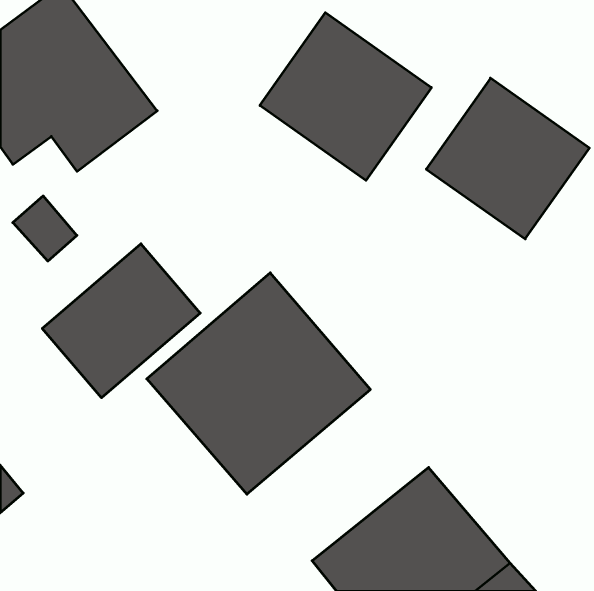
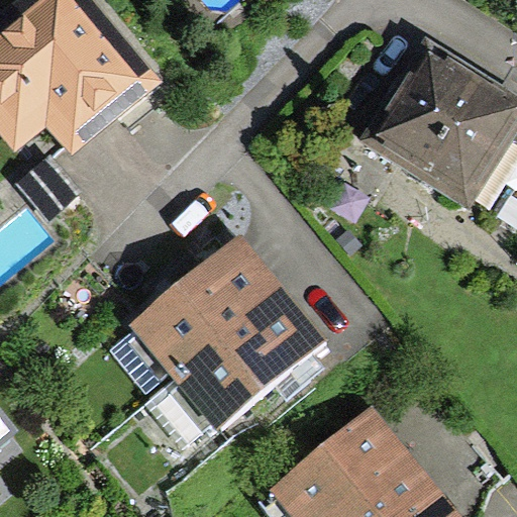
building: [260,13,431,180] -> none
building: [42,244,200,398] -> none

